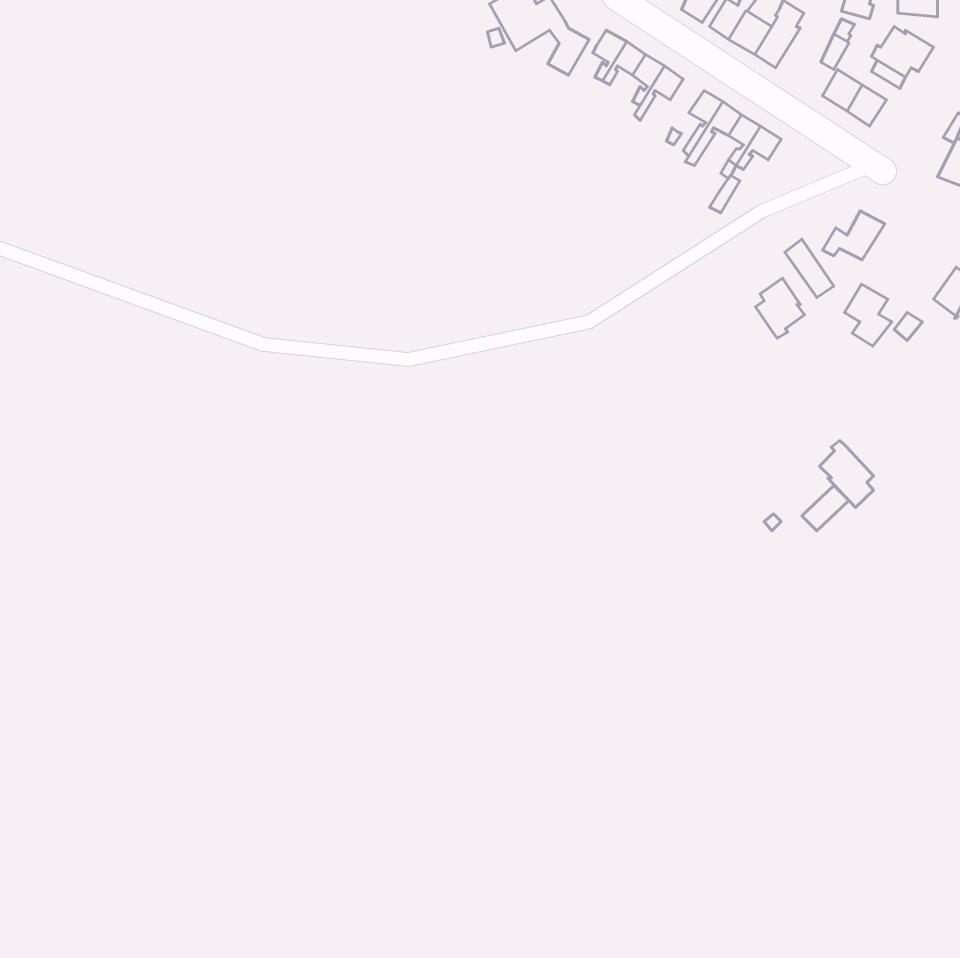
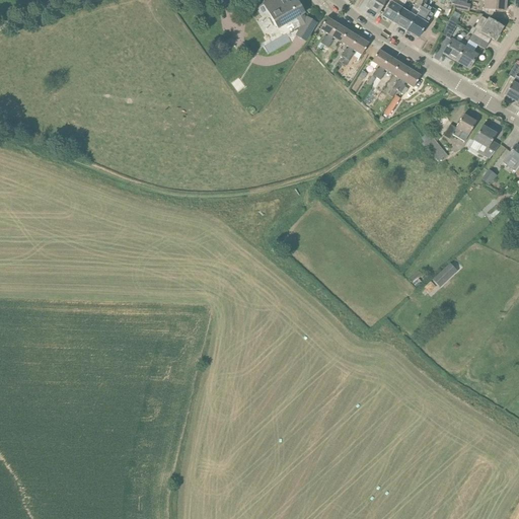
building: [755,278,804,338] -> none
building: [845,284,892,346] -> [474,124,500,157]
building: [820,440,874,508] -> none

